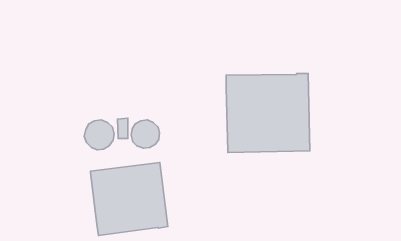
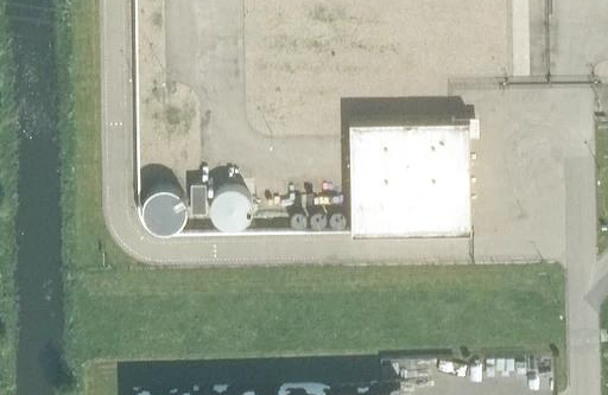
building: [90,162,168,235] -> none

